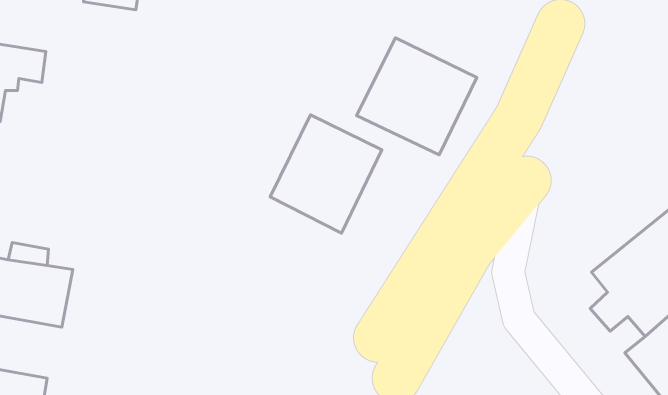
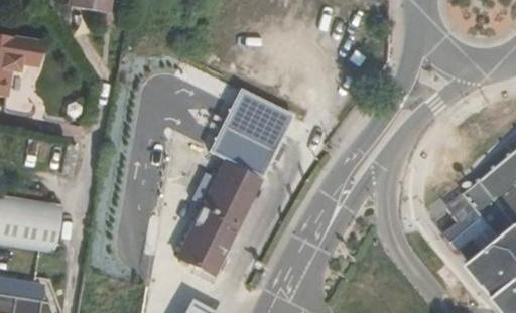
building: [357,38,477,155] -> none
building: none -> [175,168,258,280]

